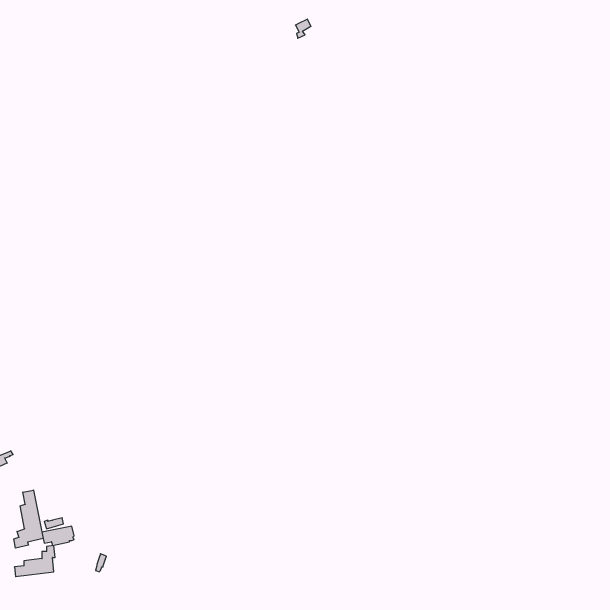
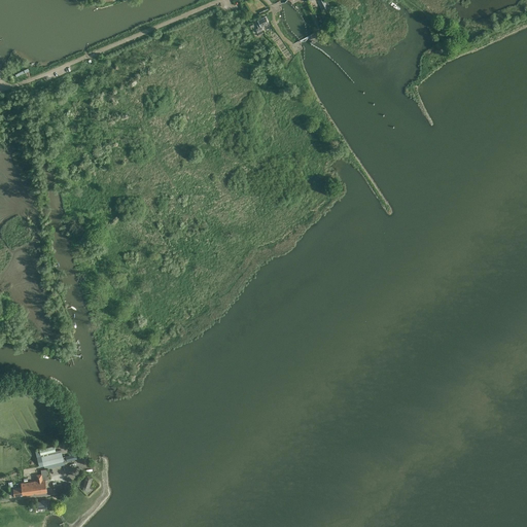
building: [14,490,43,548] -> none

